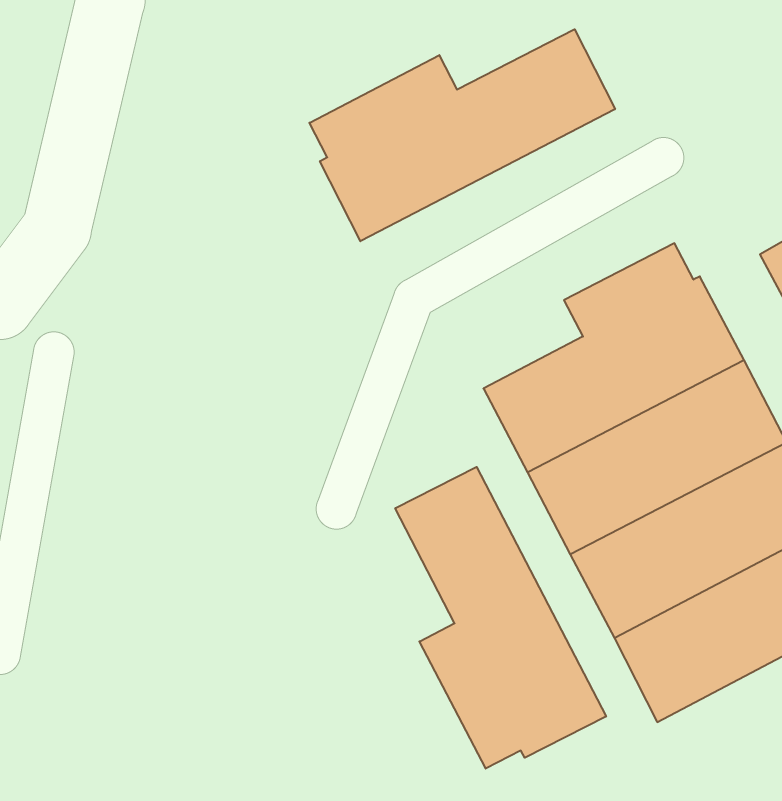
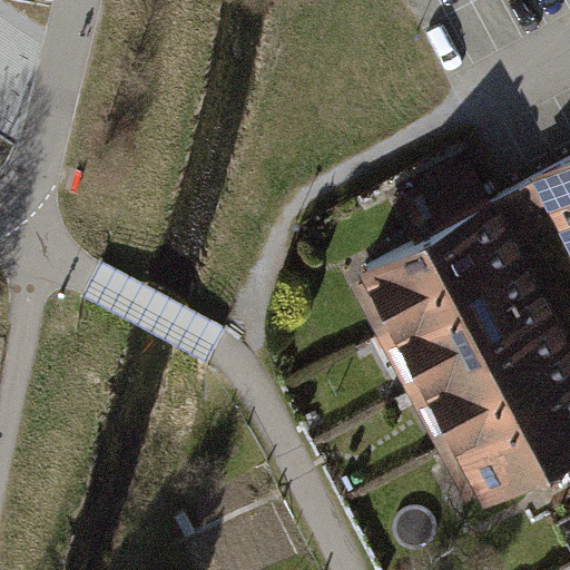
building: [309,29,615,241] -> none
building: [395,467,606,769] -> none

